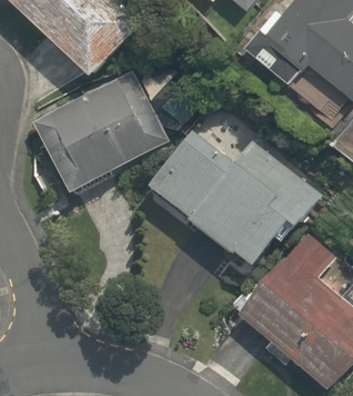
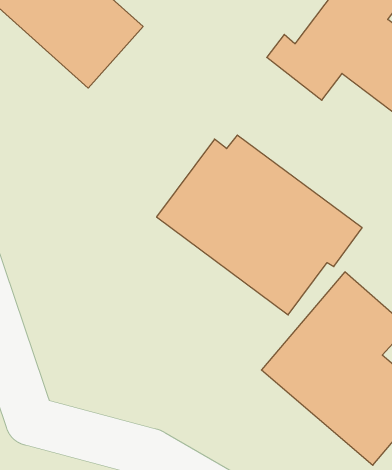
building: [33,71,168,194] -> none

